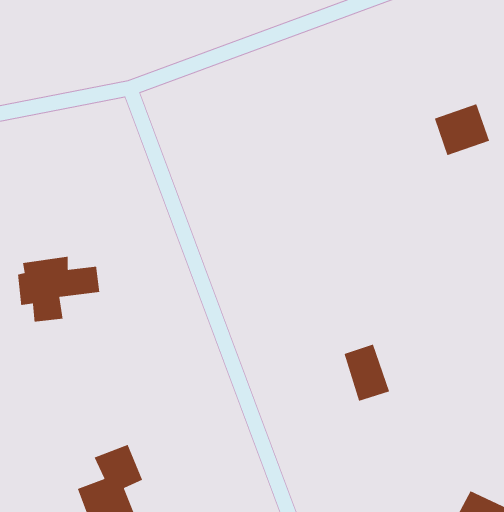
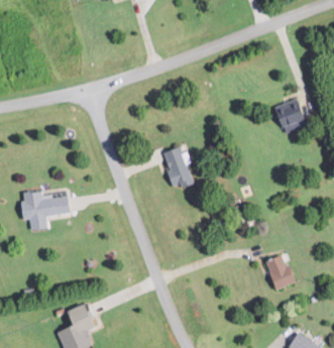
building: none -> [163,146,193,190]
building: [344,344,390,402] -> [267,254,296,289]

